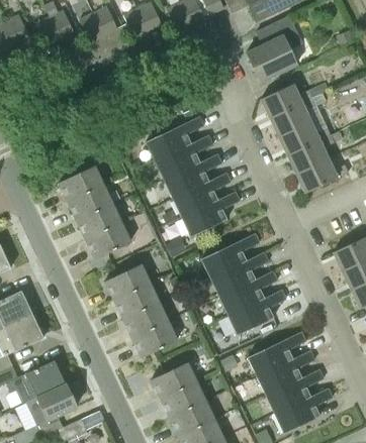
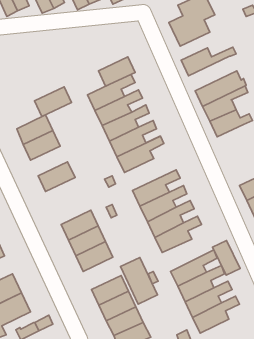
building: [270,94,330,136] -> none
building: none -> [98,57,135,86]
building: [76,204,121,240] -> [35,87,72,116]
building: [104,263,150,300] -> none
building: none -> [213,240,240,275]
building: none -> [120,257,158,304]

